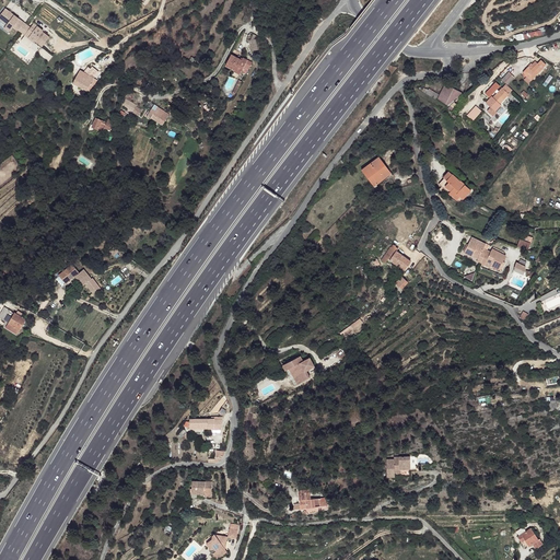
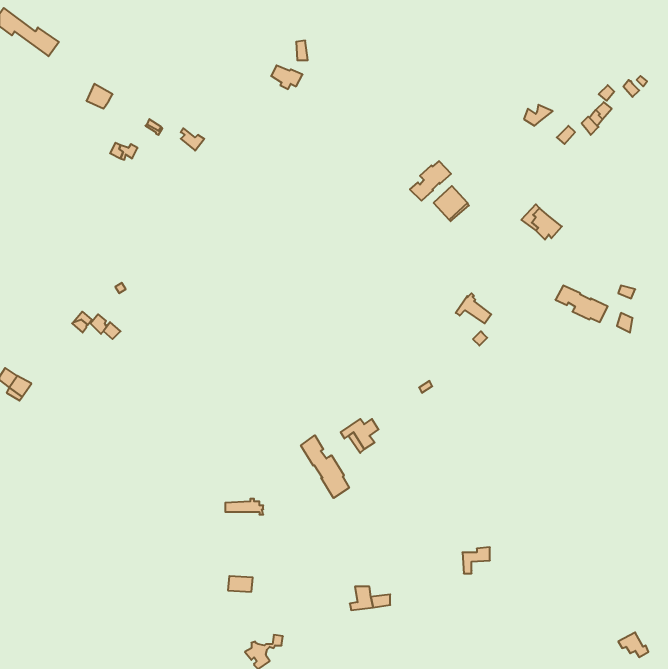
building: none -> [410,161,451,201]
building: none -> [301,435,349,498]

